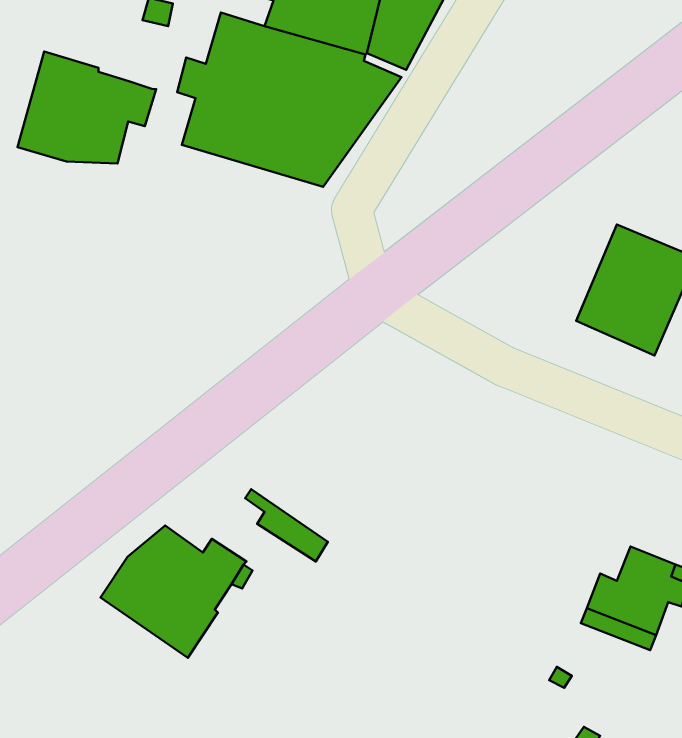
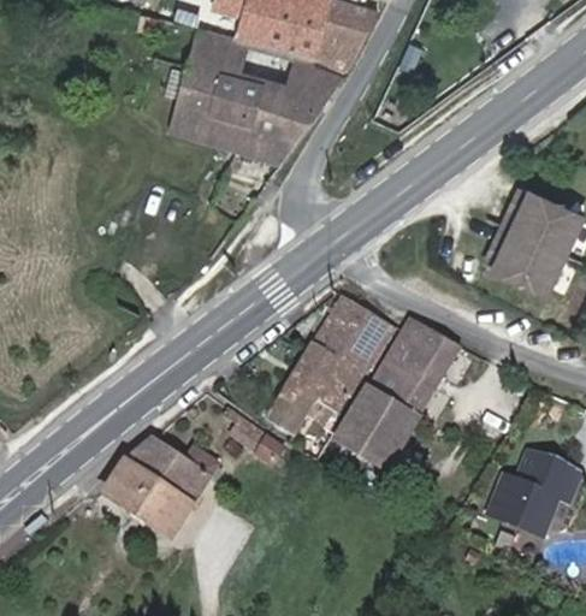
building: [17,51,156,163] -> none
building: none -> [267,295,393,458]
building: none -> [333,319,458,472]

